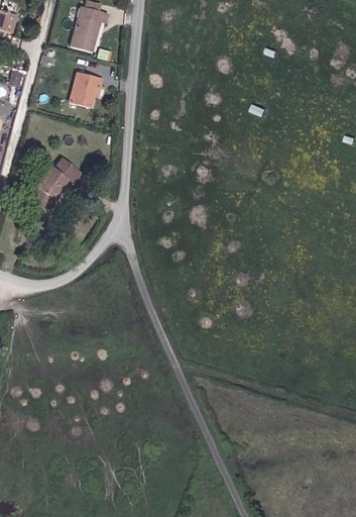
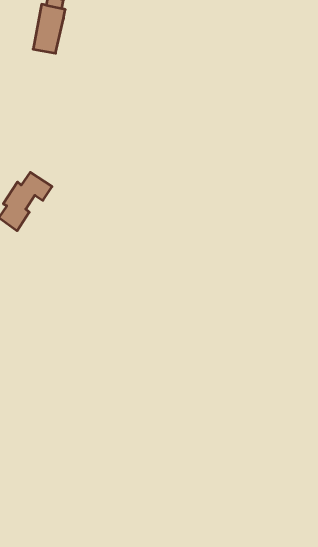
building: [70,72,103,108] -> none

